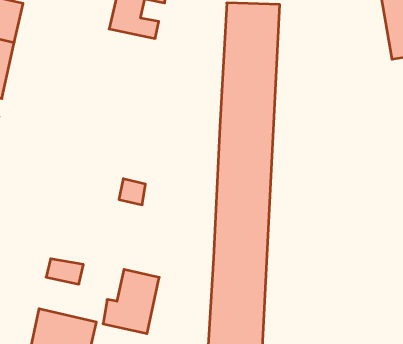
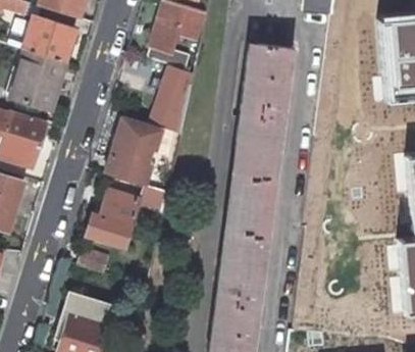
building: none -> [150,66,191,132]
building: none -> [104,117,146,181]
building: [103,269,159,334] -> [87,189,138,245]

